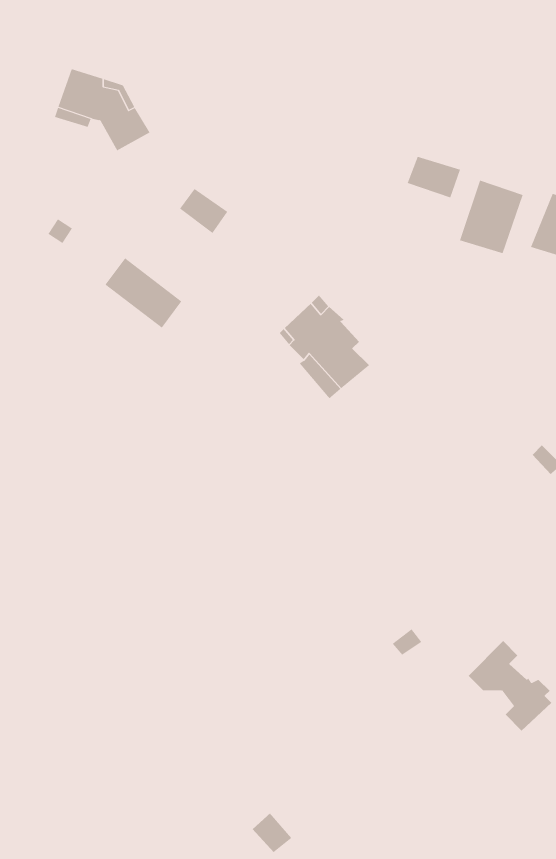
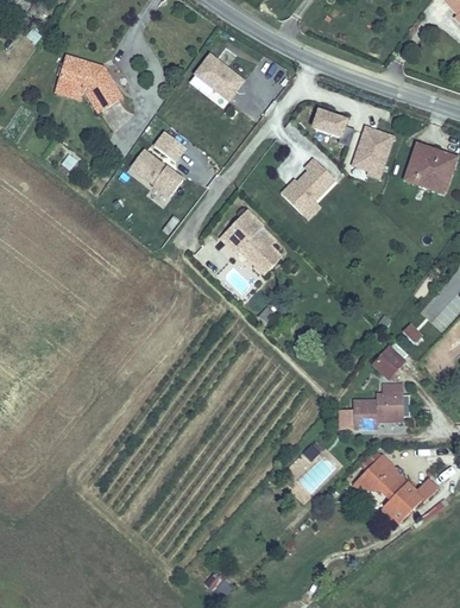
building: none -> [191,56,244,104]
building: none -> [286,162,339,216]
building: [105,258,182,328] -> [128,151,183,201]
building: none -> [371,346,403,378]
building: none -> [352,382,405,419]

